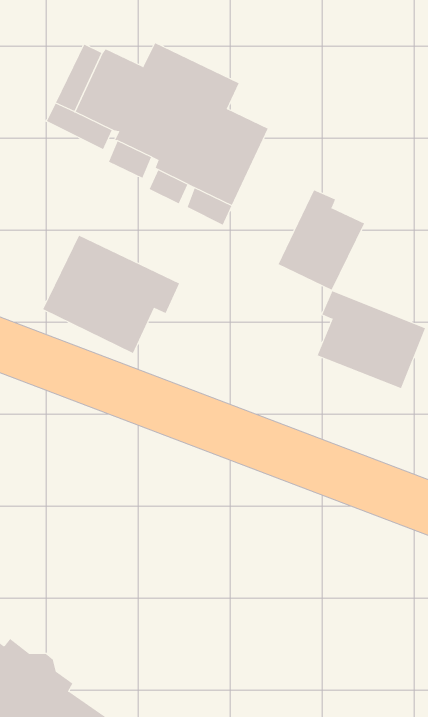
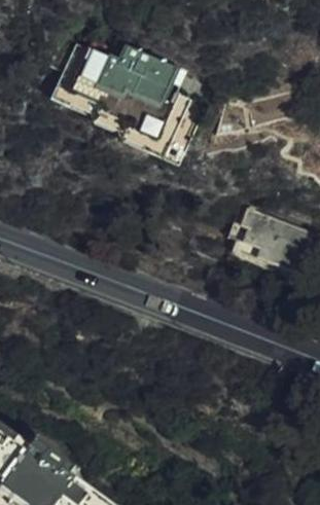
building: [278,189,365,290] -> none
building: [43,235,180,354] -> none

